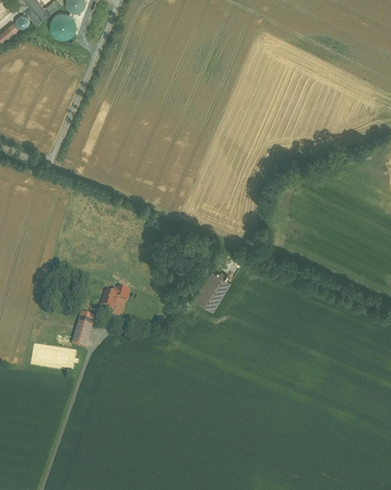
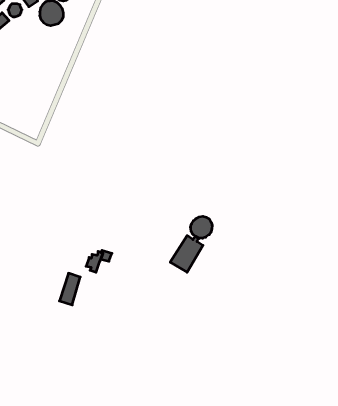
building: none -> [191,216,212,238]

